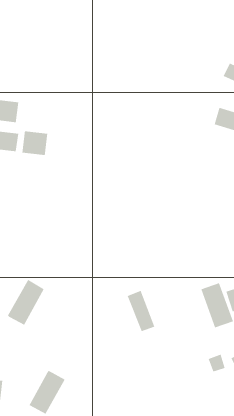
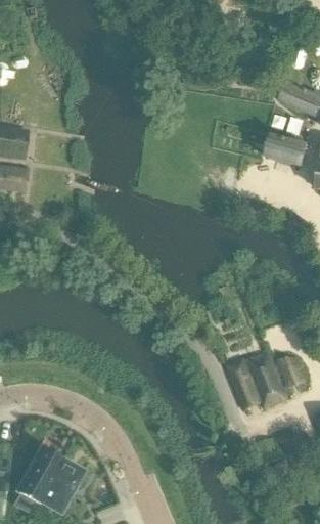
building: [22,130,48,156] -> none
building: [7,279,44,326] -> [16,447,62,505]
building: [127,290,155,332] -> [228,359,263,410]

